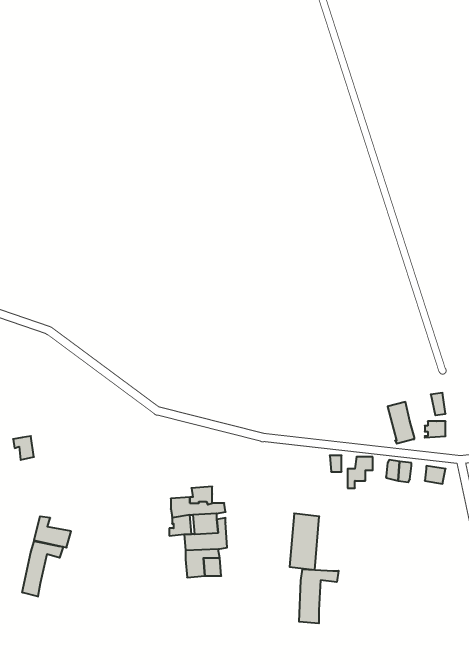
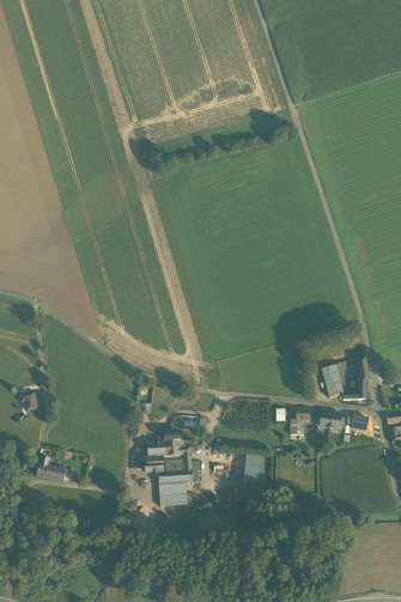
building: [22,541,63,597] -> none
building: [299,569,339,623] -> none

